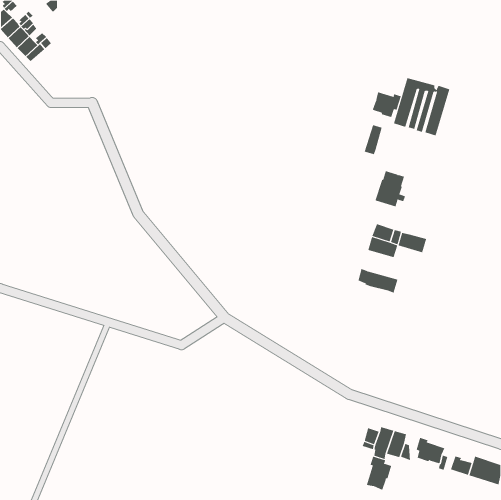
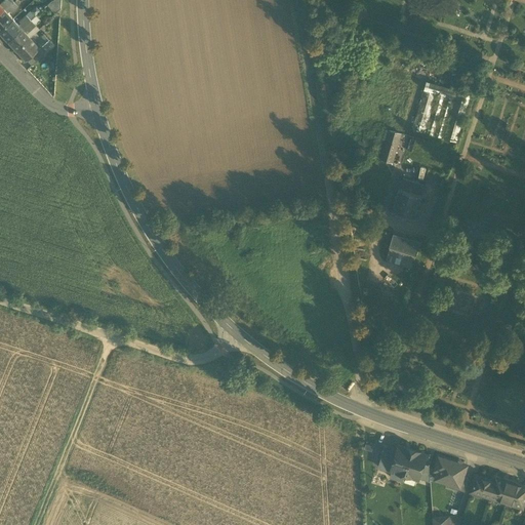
building: [372,92,401,118] -> none
building: [398,232,427,253] -> none
building: [358,268,398,293] -> none
building: [366,456,392,491] -> none

